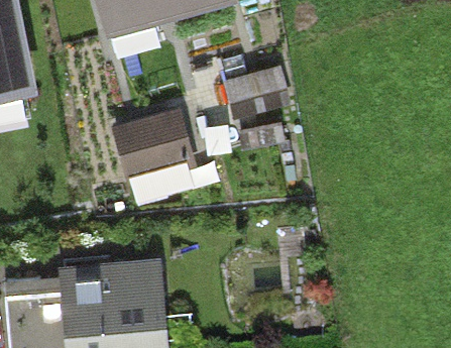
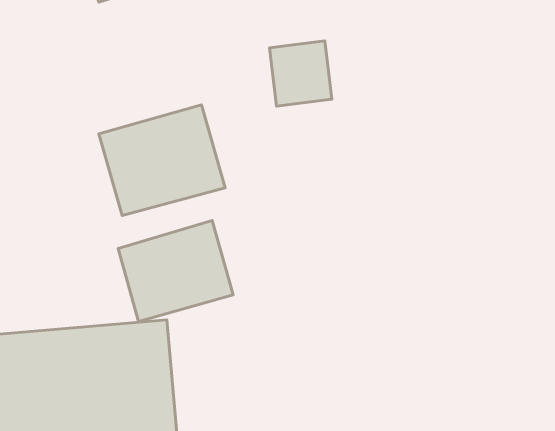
building: none -> [118,221,233,322]

